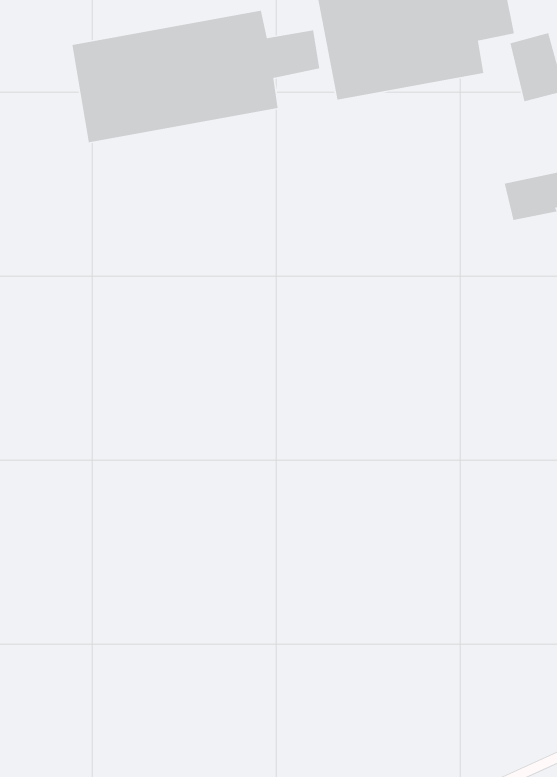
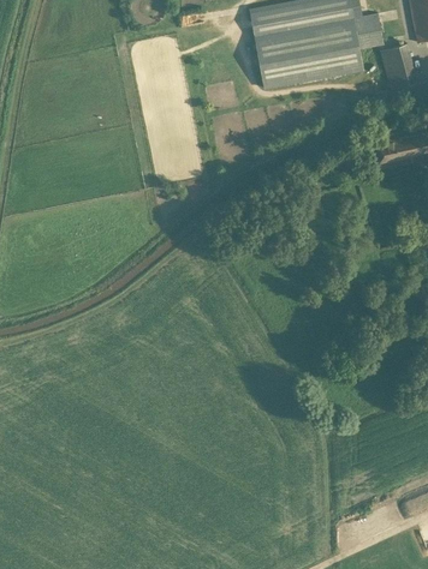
building: [71,10,320,143] -> none

